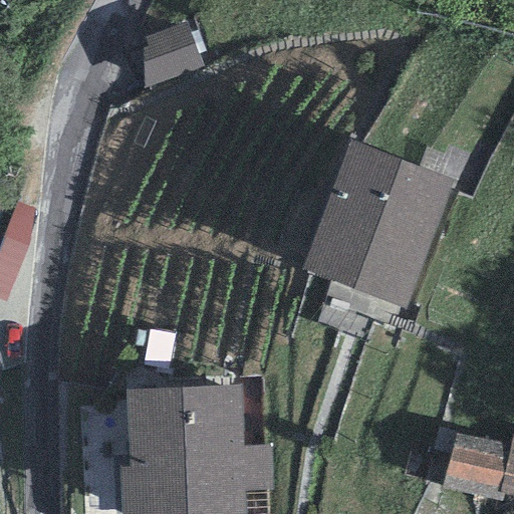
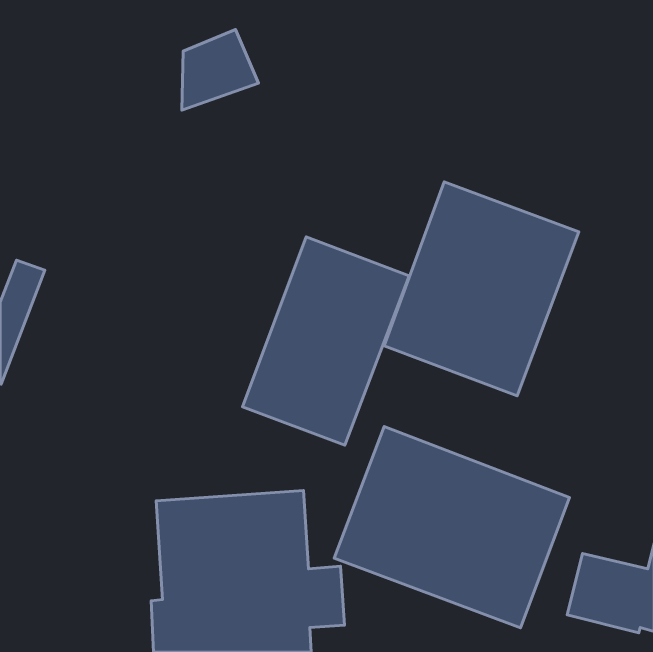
building: none -> [242,237,409,445]
building: none -> [334,427,569,628]

